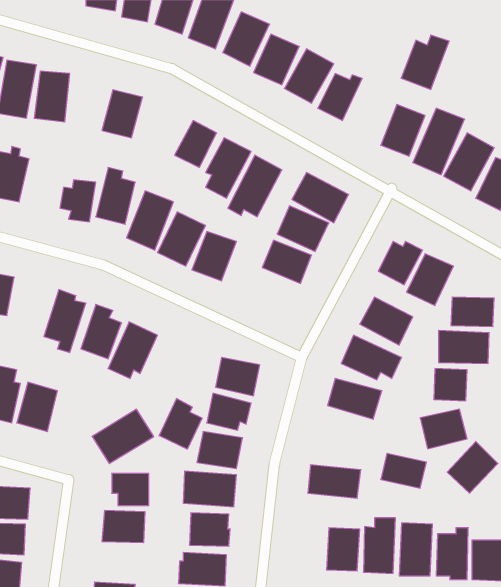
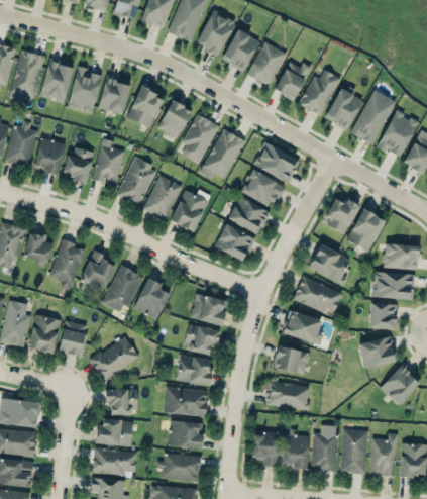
building: [401,35,449,89] -> [299,71,338,115]
building: none -> [67,66,101,113]
building: none -> [126,85,162,127]
building: none -> [32,137,66,175]
building: none -> [214,224,254,261]
building: none -> [24,232,50,264]
building: none -> [59,321,87,356]
building: [159,399,202,449] -> [133,278,169,319]
building: [381,453,426,488] -> [272,345,309,374]
building: none -> [251,432,278,467]
building: none -> [91,446,137,477]

